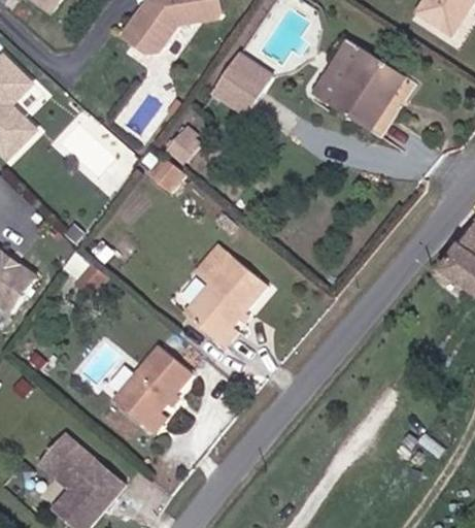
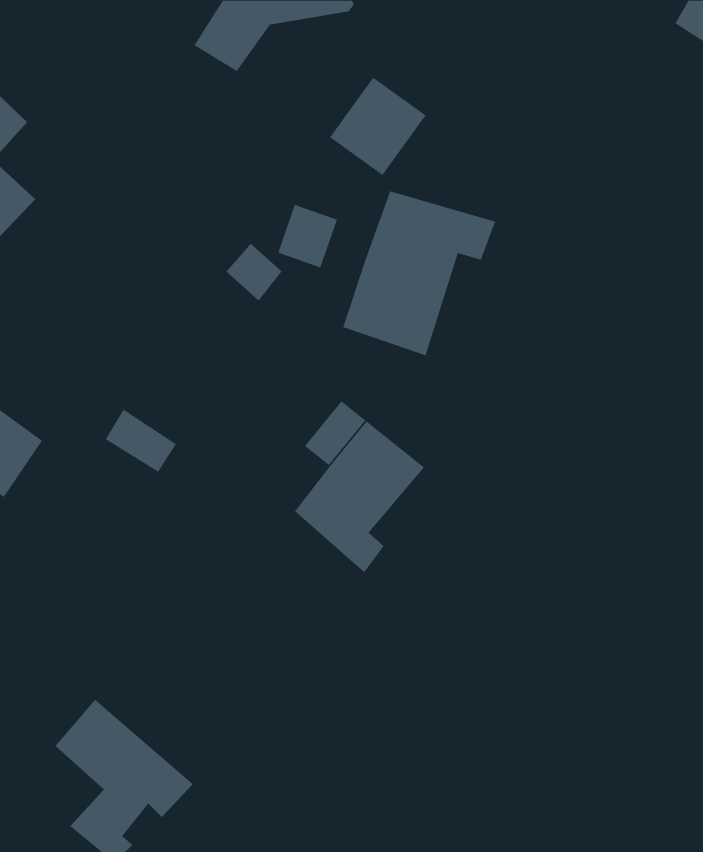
building: [319,41,409,133] -> none
building: none -> [342,191,496,356]
building: [114,350,193,440] -> none

